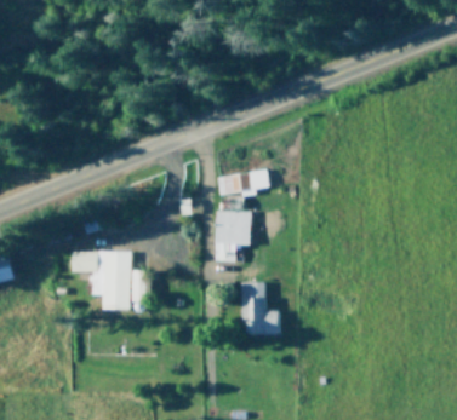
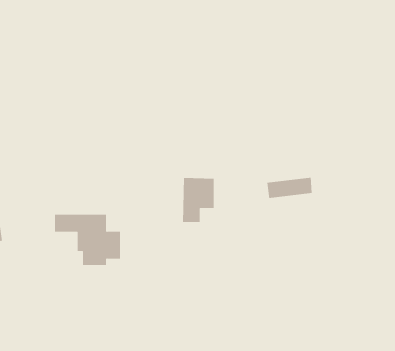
building: [217,171,269,195] -> [266,177,313,199]
building: [241,282,279,335] -> none

